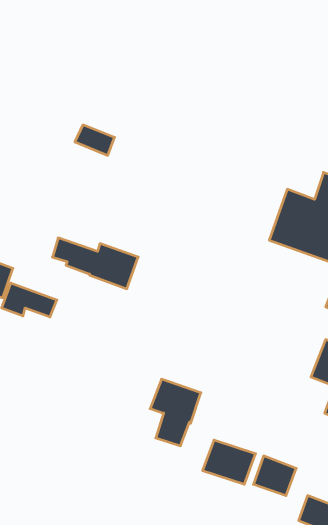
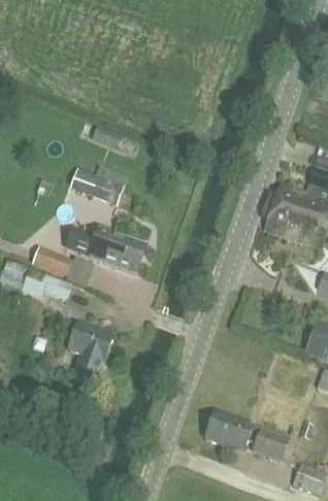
building: none -> [70,161,129,204]
building: none -> [31,244,72,275]
building: [150,379,201,446] -> [67,322,113,382]

